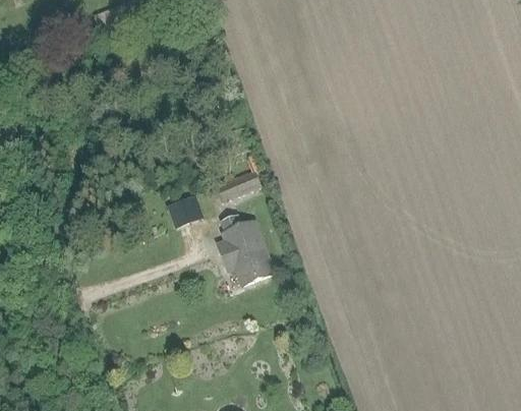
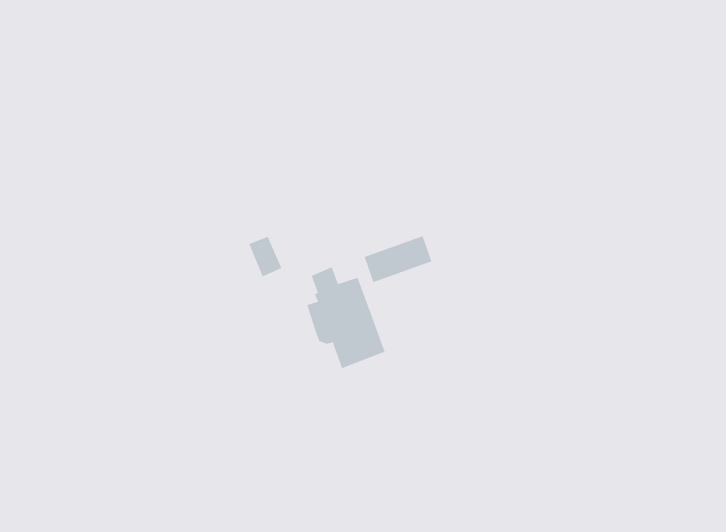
building: [214,170,259,201] -> [364,236,432,283]

